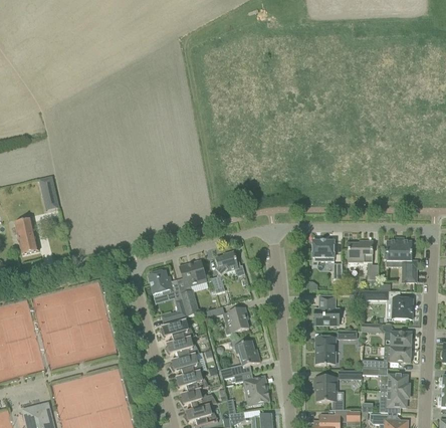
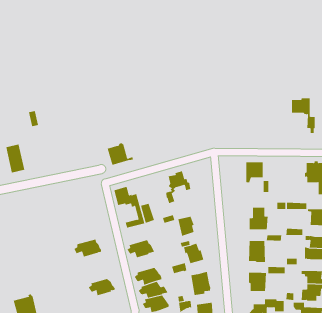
building: [348,240,378,284] -> [291,98,315,133]
building: [179,258,212,286] -> [107,143,134,166]
building: [159,318,194,343] -> [73,239,102,258]
building: [169,354,203,377] -> [88,279,115,297]

